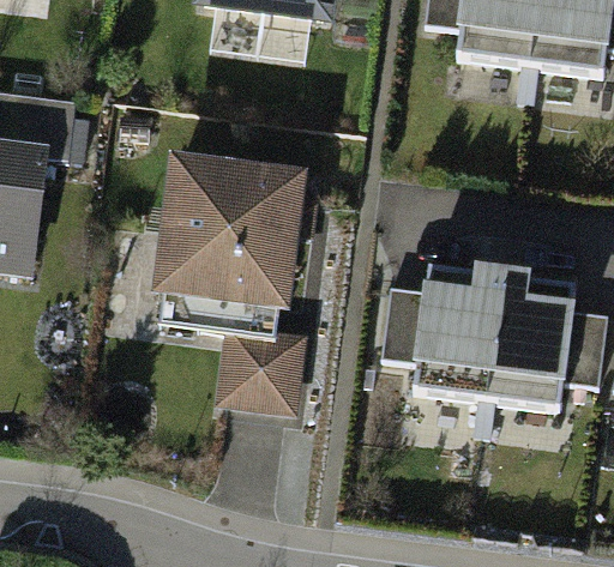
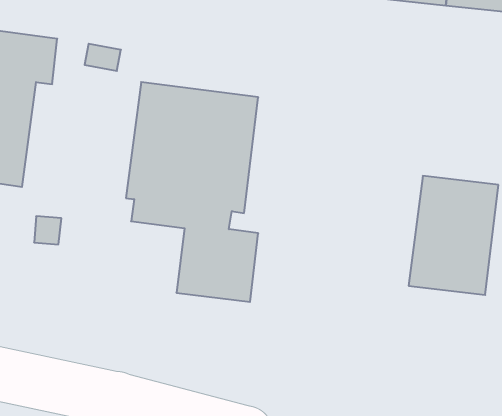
building: [401,257,505,398] -> none

